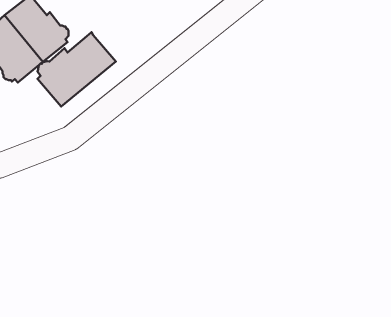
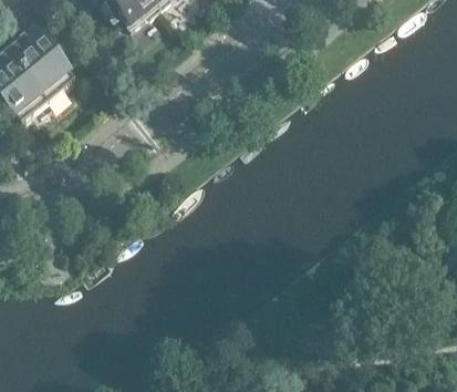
building: [37,32,116,107] -> none

